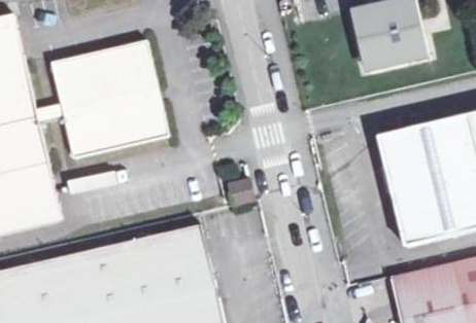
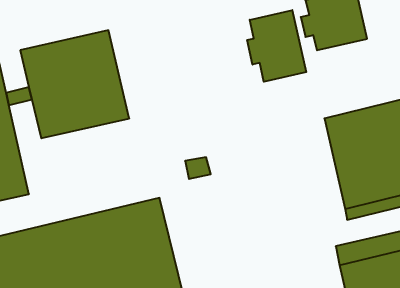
building: none -> [247,10,306,82]

